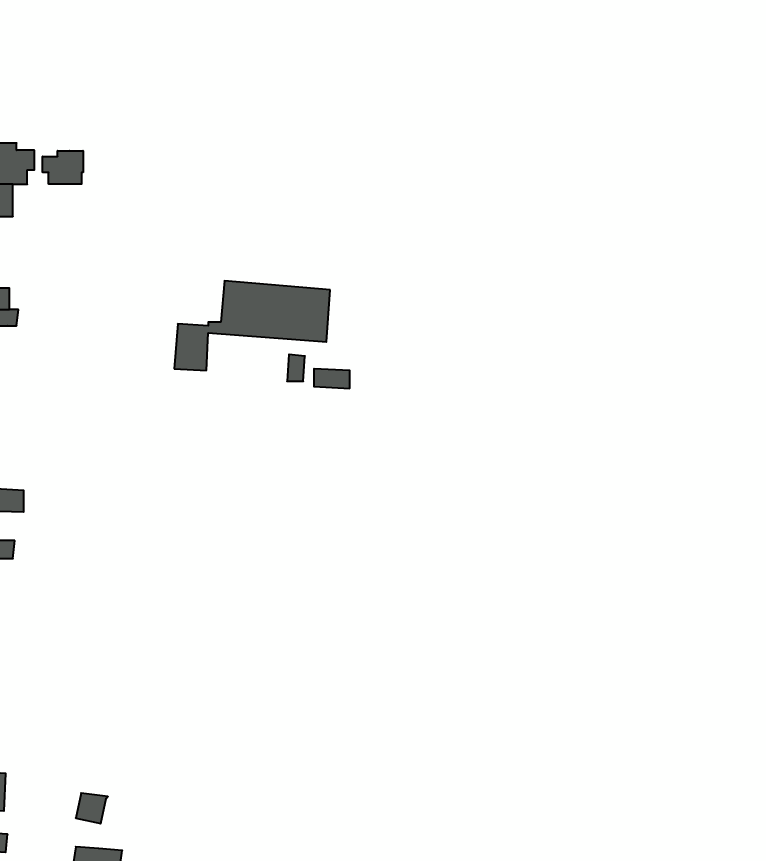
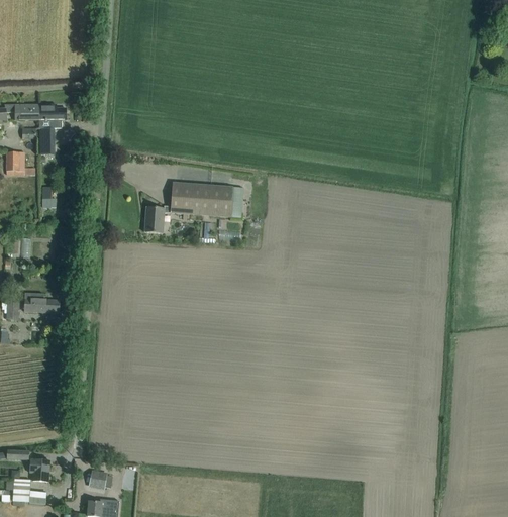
building: [43,151,83,184] -> none

